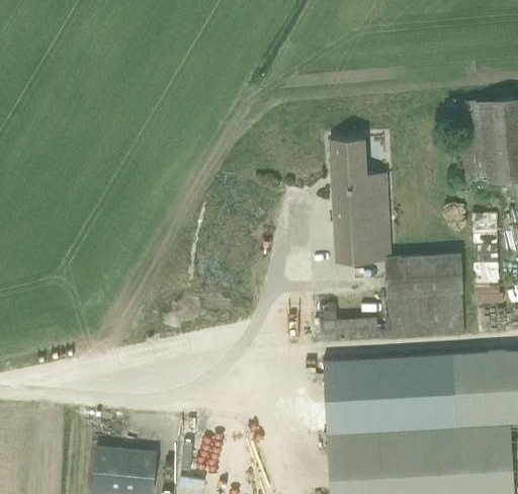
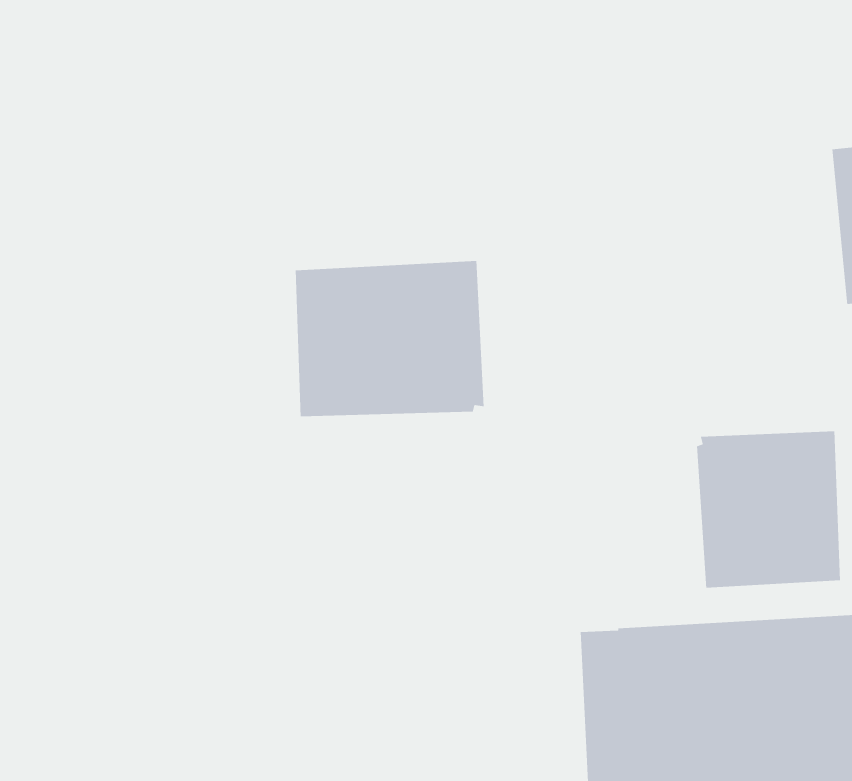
building: [331,140,388,264] -> none
building: none -> [295,260,485,417]

